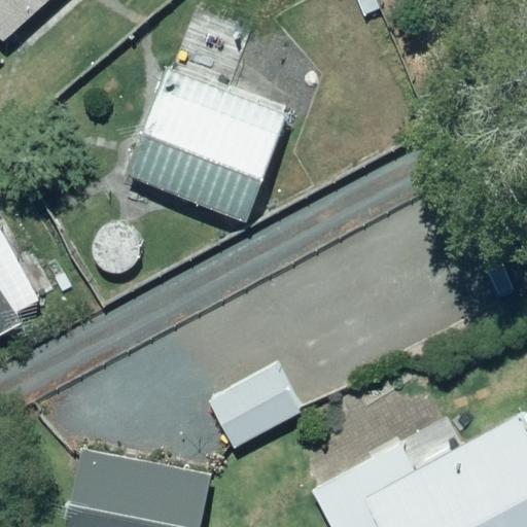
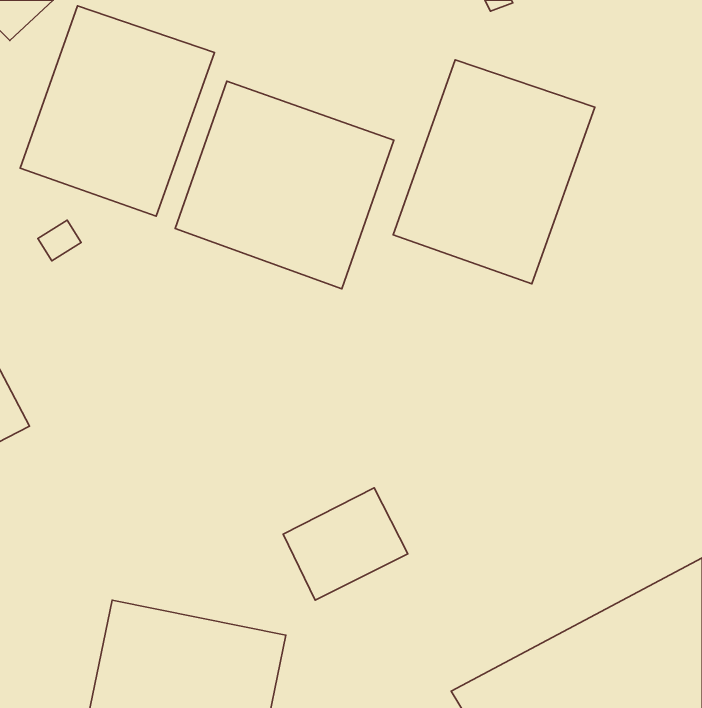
building: none -> [20,6,214,216]
building: none -> [393,60,595,284]

